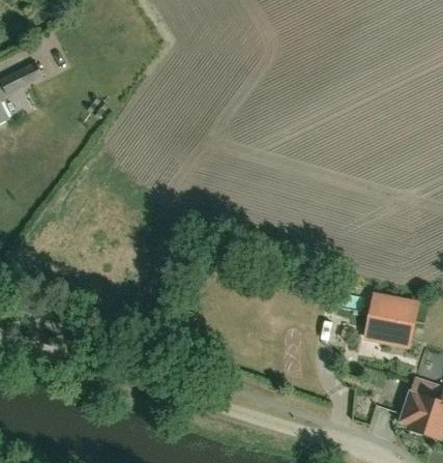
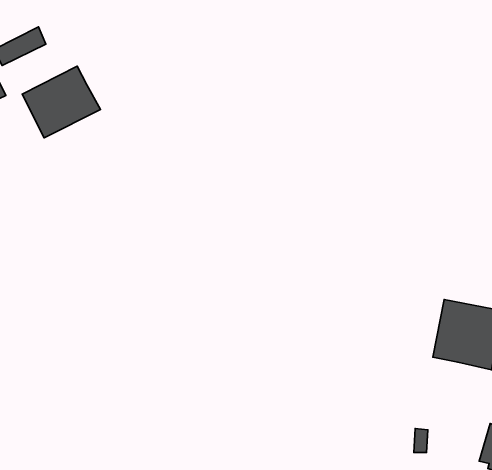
building: none -> [22,66,100,138]

